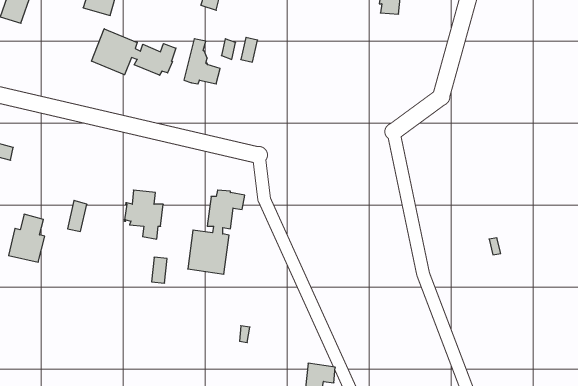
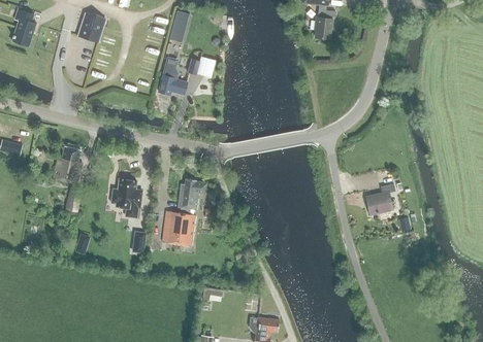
building: [92,29,176,75] -> none
building: none -> [365,183,394,214]
building: [9,214,45,262] -> [52,145,81,183]

